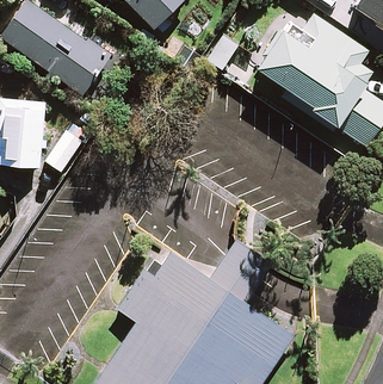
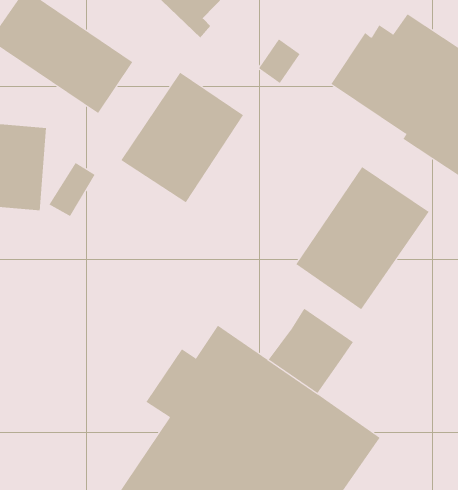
building: none -> [121,72,244,203]
building: none -> [296,166,430,310]

